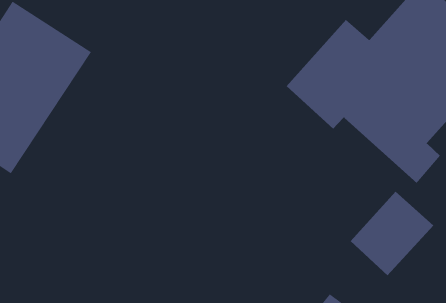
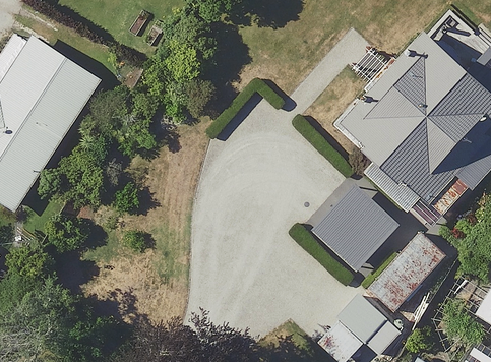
building: none -> [309,183,400,274]

